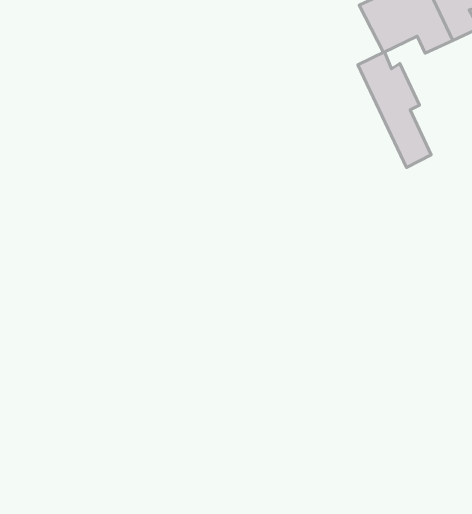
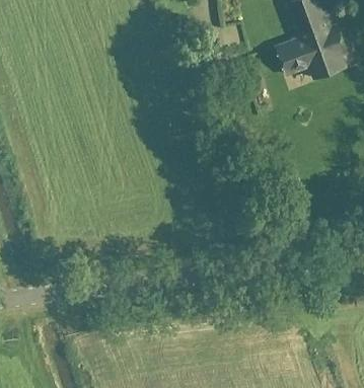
building: [358,52,431,168] -> none

